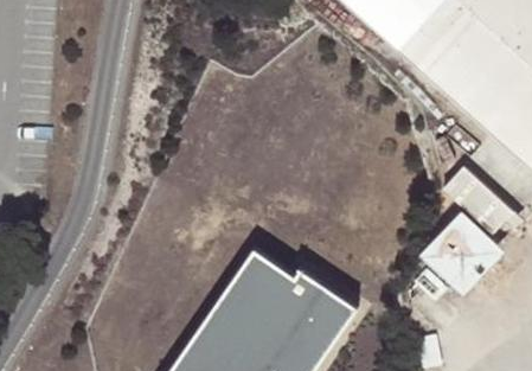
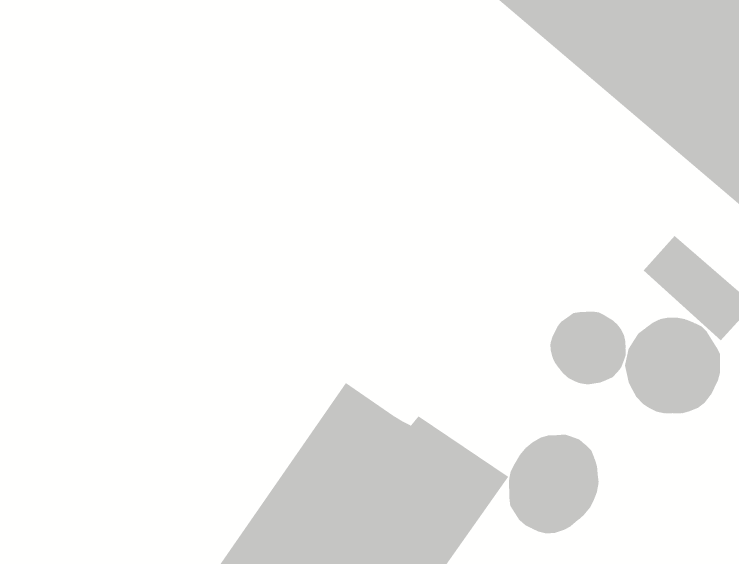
building: none -> [550,311,626,385]
building: none -> [509,434,599,534]

